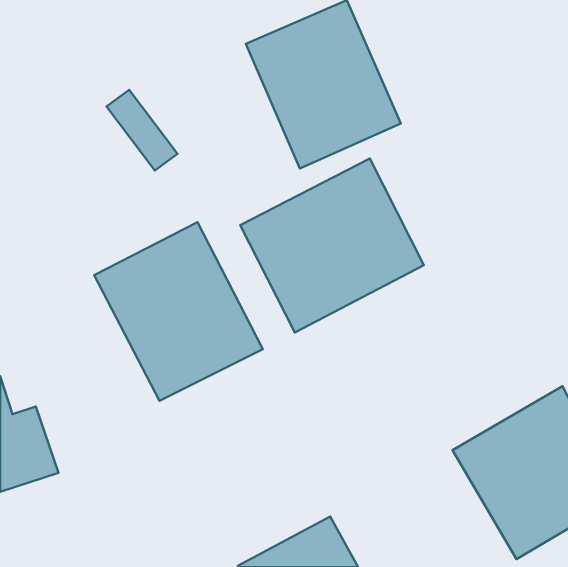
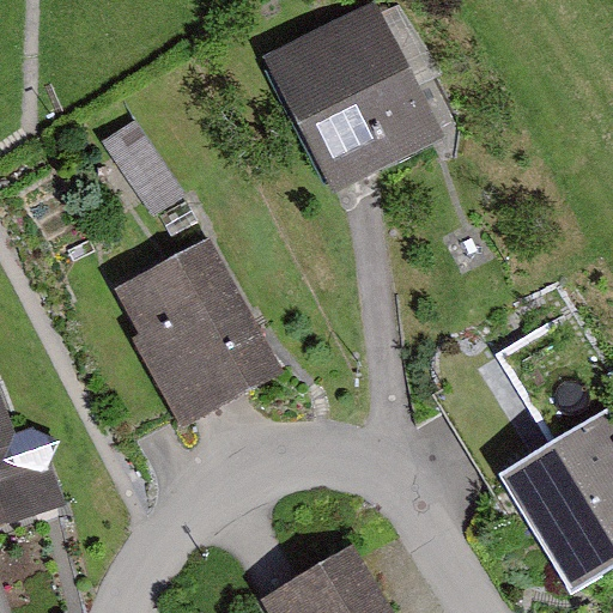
building: [240,159,424,332] -> none

